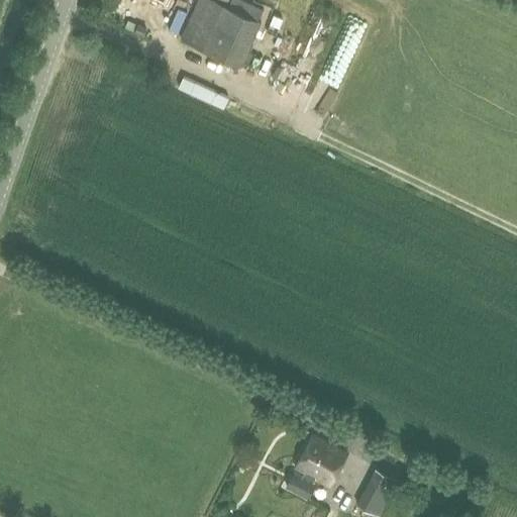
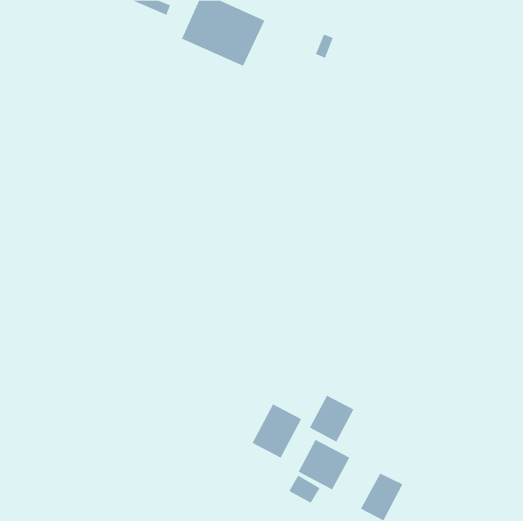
building: none -> [309,395,354,442]
building: none -> [252,403,302,459]

